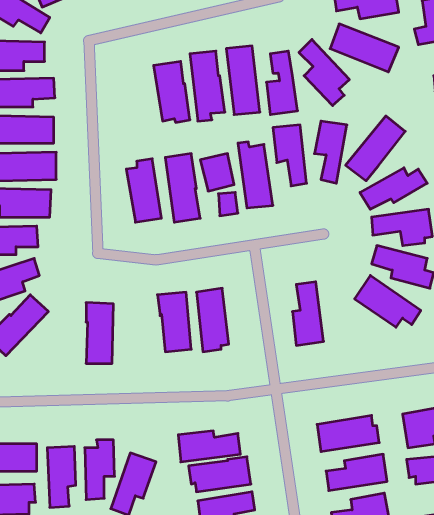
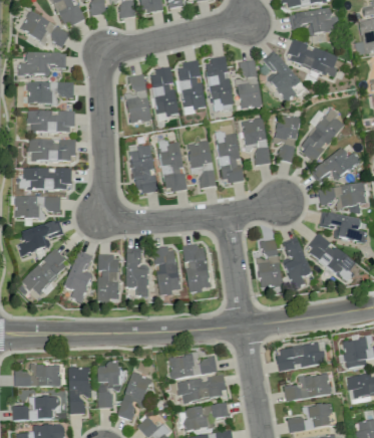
building: none -> [126,74,151,124]
building: none -> [283,237,313,288]
building: none -> [126,248,148,296]
building: none -> [63,250,92,303]

